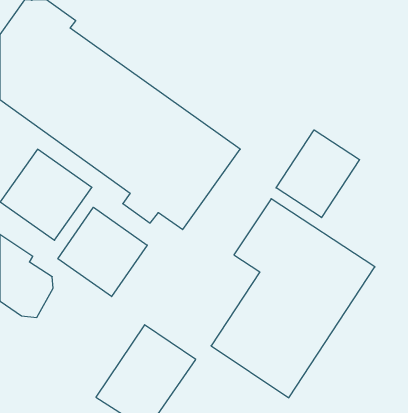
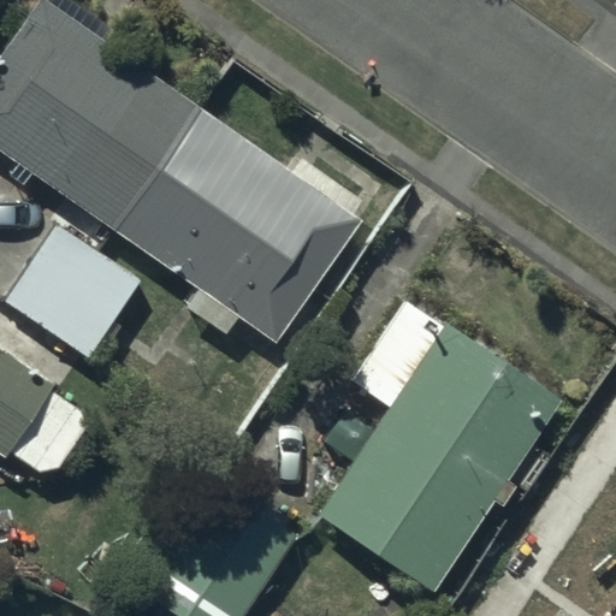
building: [276,130,360,218] -> none
building: [58,207,147,297] -> none

